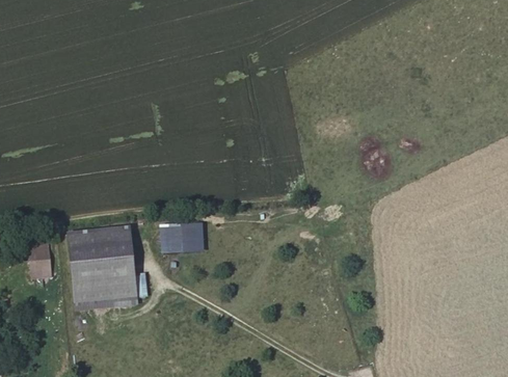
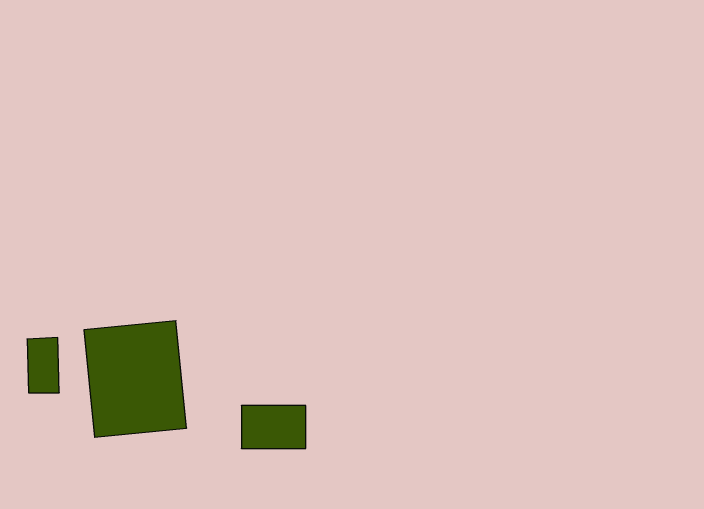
building: [160,223,204,252] -> [241,406,306,448]

